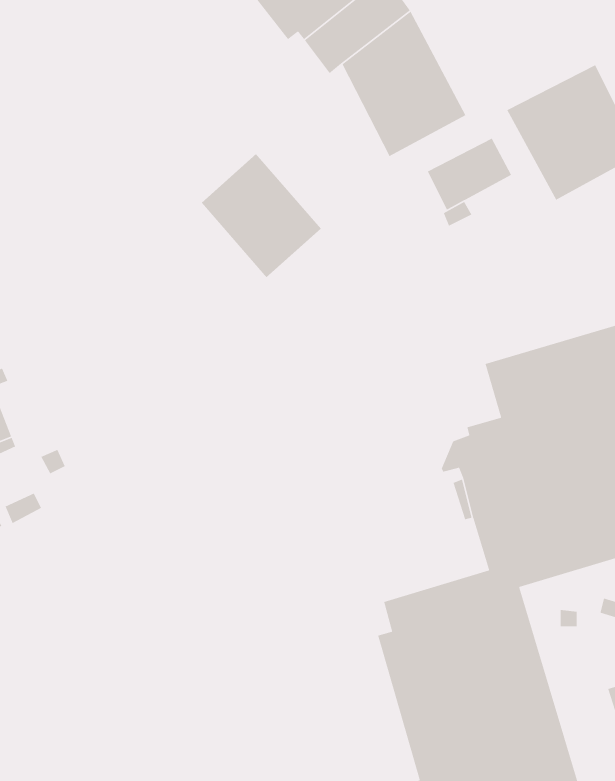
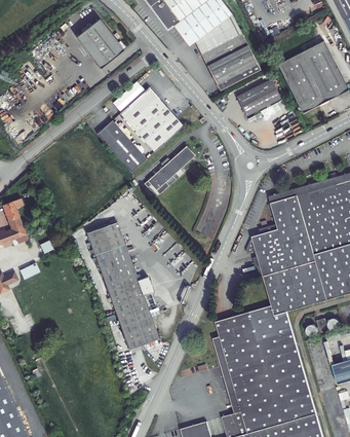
building: none -> [75,19,122,68]
building: none -> [98,120,146,172]
building: none -> [148,146,195,191]
building: none -> [86,221,159,349]

